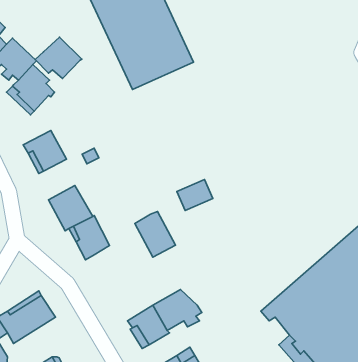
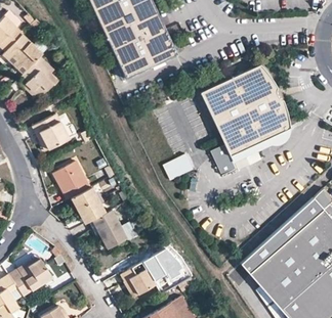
building: [35,37,82,78] -> none
building: none -> [199,63,289,175]
building: [135,212,176,257] -> [92,209,127,247]

